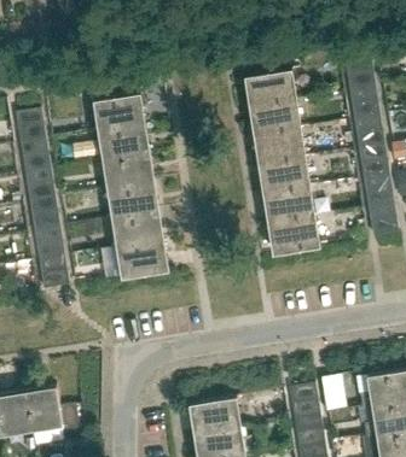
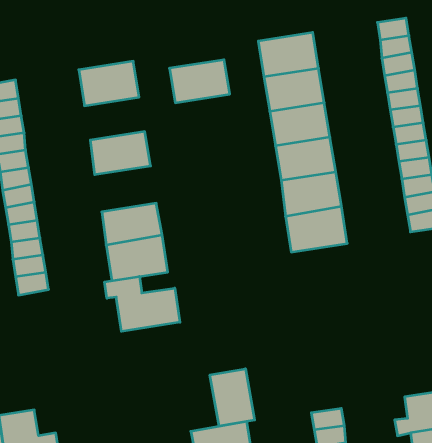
building: [98,125,149,162] -> [169,60,230,103]
building: [106,183,158,222] -> none
building: none -> [105,276,180,331]
building: none -> [210,369,255,426]

